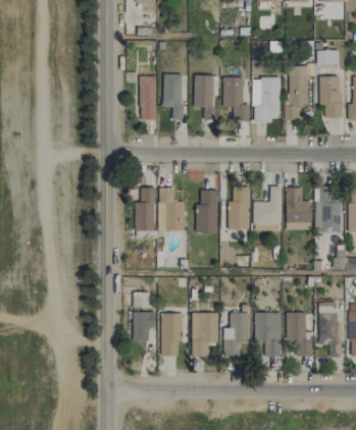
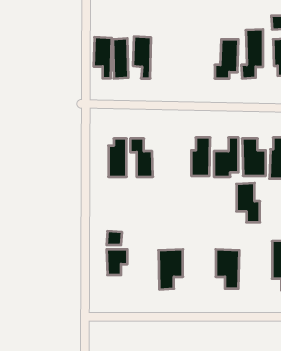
building: [194,74,214,120] -> [94,37,112,78]
building: [222,76,249,121] -> none
building: [196,190,217,232] -> none
building: [223,312,249,357] -> none
building: [286,312,312,356] -> [236,183,260,222]
building: [161,313,183,356] -> none

